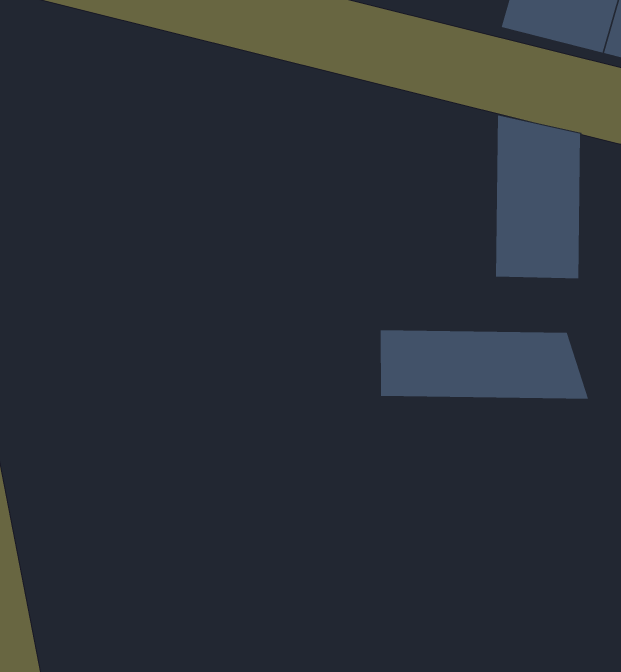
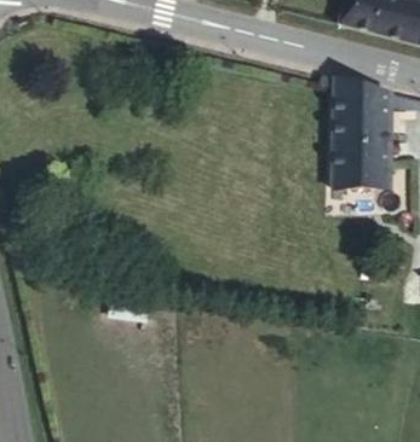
building: [380,330,589,399] -> none

